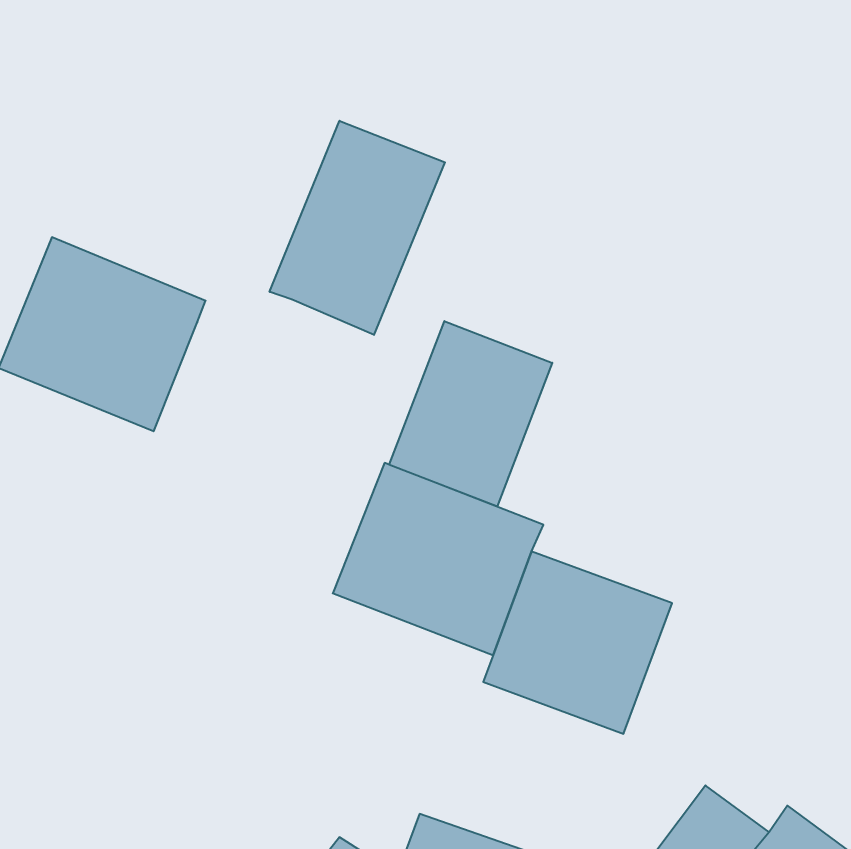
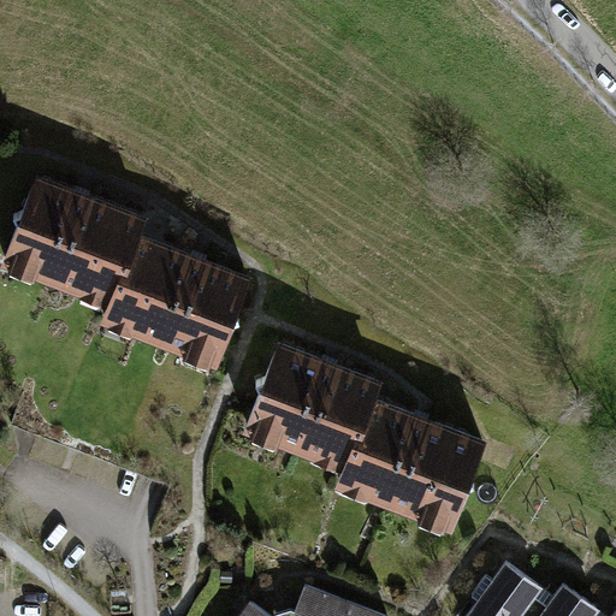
building: [270,121,445,335] -> none
building: [389,321,552,506] -> none
building: none -> [105,236,250,372]

